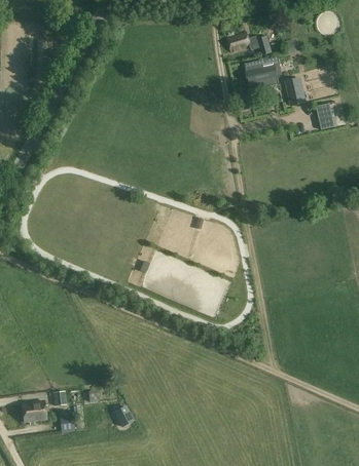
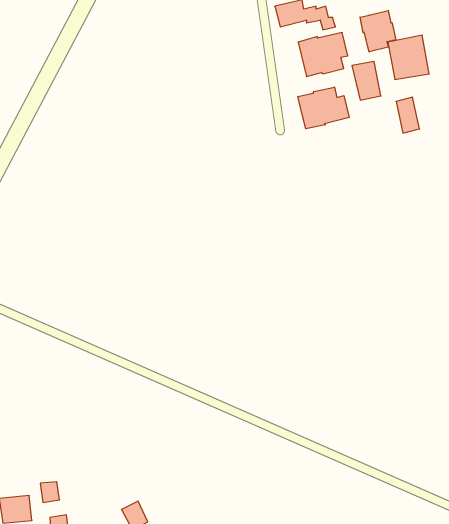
building: none -> [360,10,396,52]
building: none -> [298,87,349,129]

